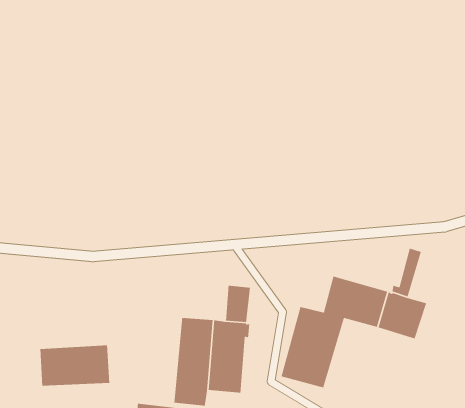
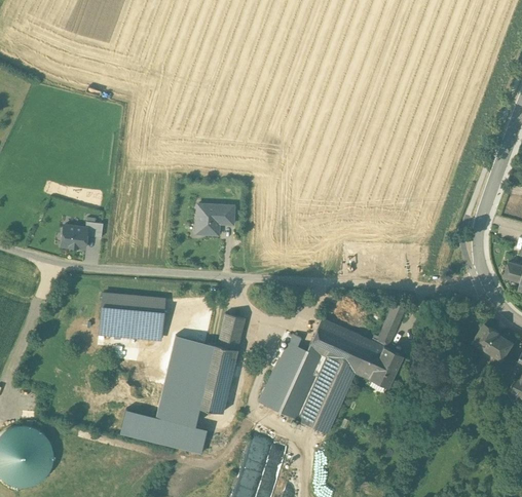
building: none -> [196,205,233,236]
building: none -> [59,225,89,249]
building: none -> [298,360,355,434]
building: [39,344,110,387] -> [99,296,164,337]

